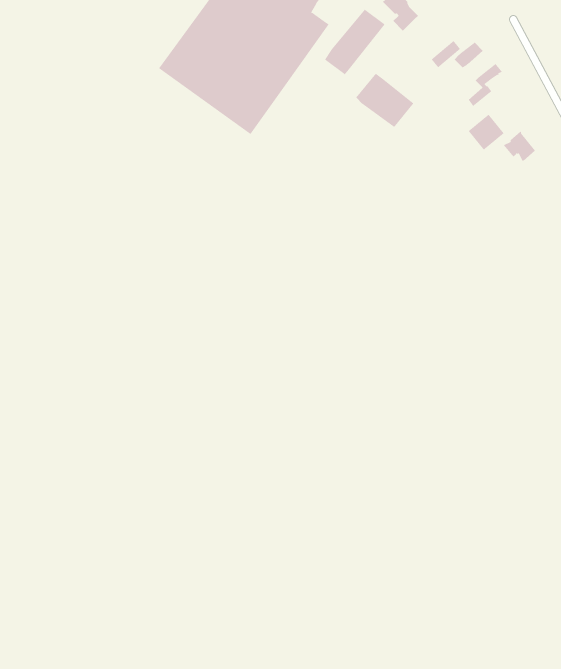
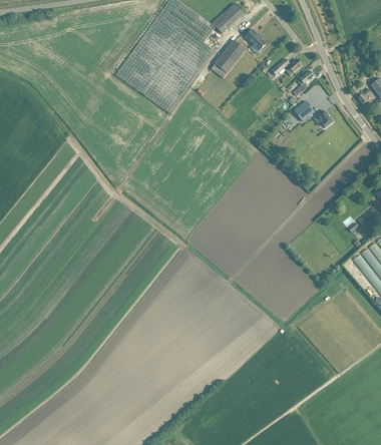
building: [356,73,414,128] -> none

